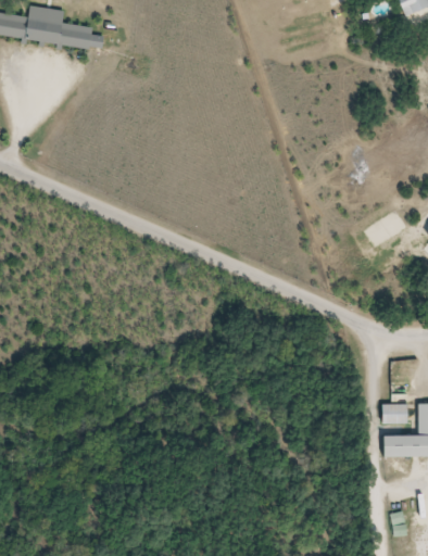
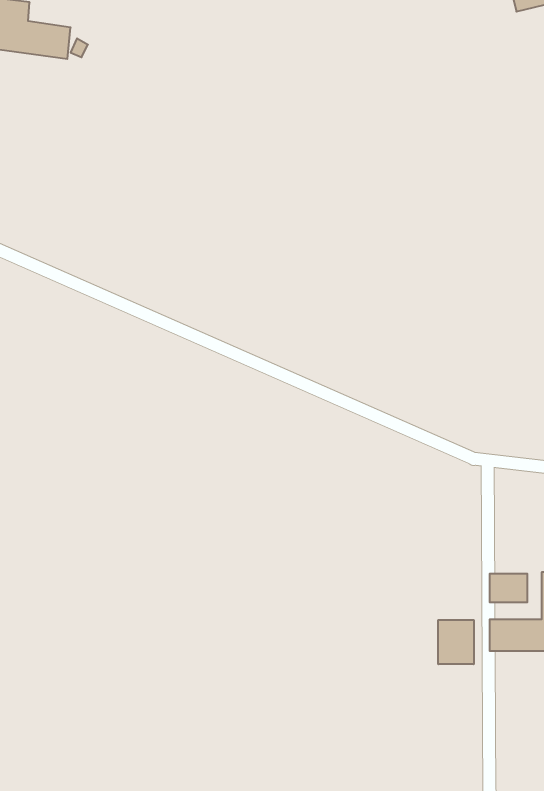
building: none -> [438,620,474,664]

